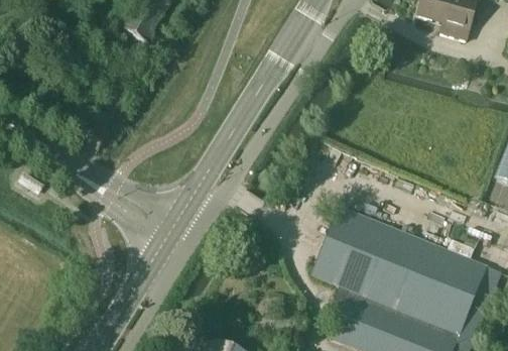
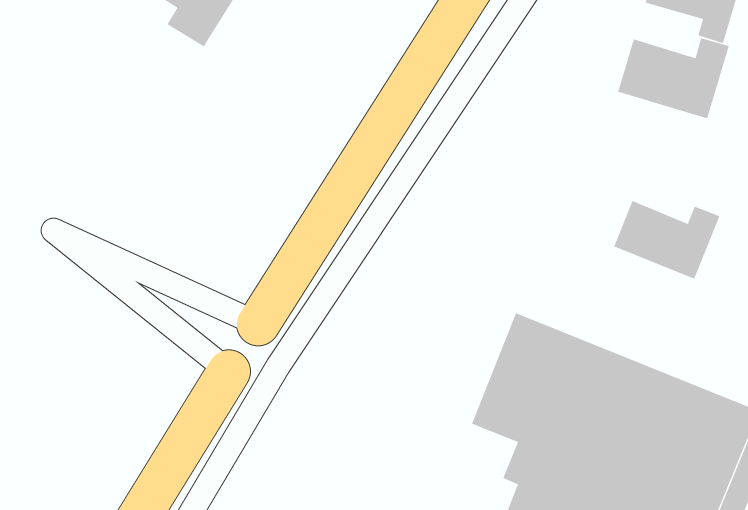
building: none -> [618,38,729,119]
building: none -> [613,200,720,280]

